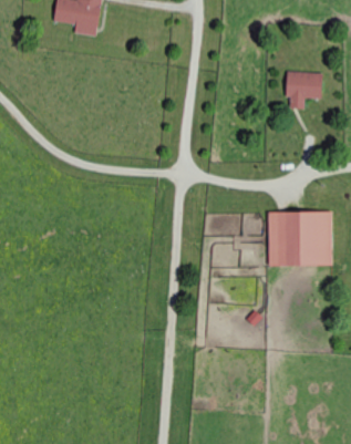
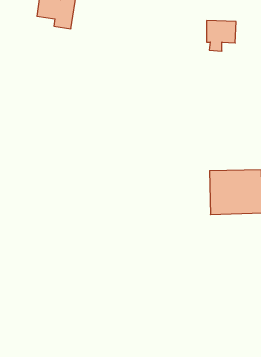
building: [286,72,322,110] -> [207,21,236,51]

